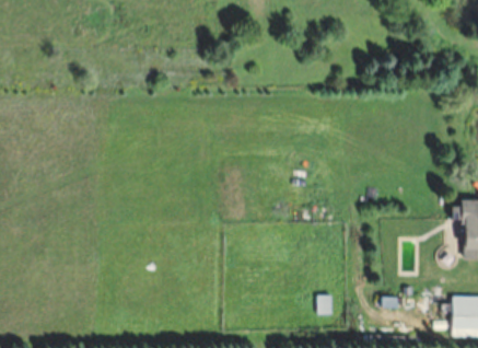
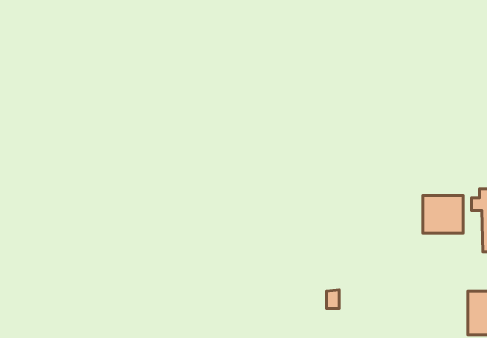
building: none -> [423,195,463,233]

